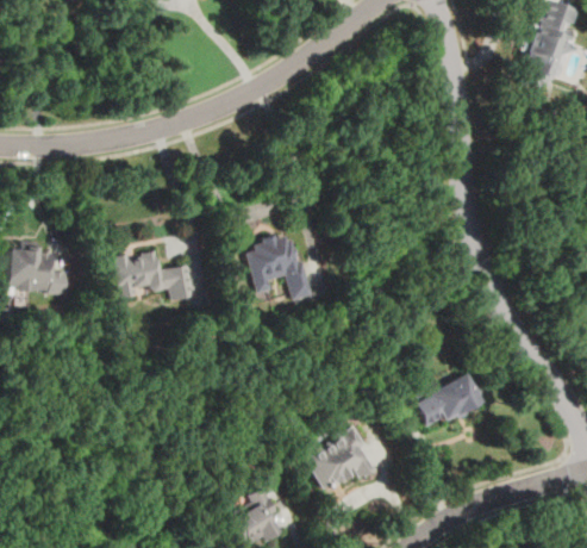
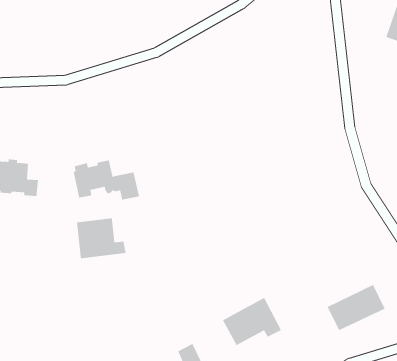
building: [246,231,316,300] -> none
building: none -> [76,218,126,259]
building: [412,368,488,429] -> [327,284,385,331]

